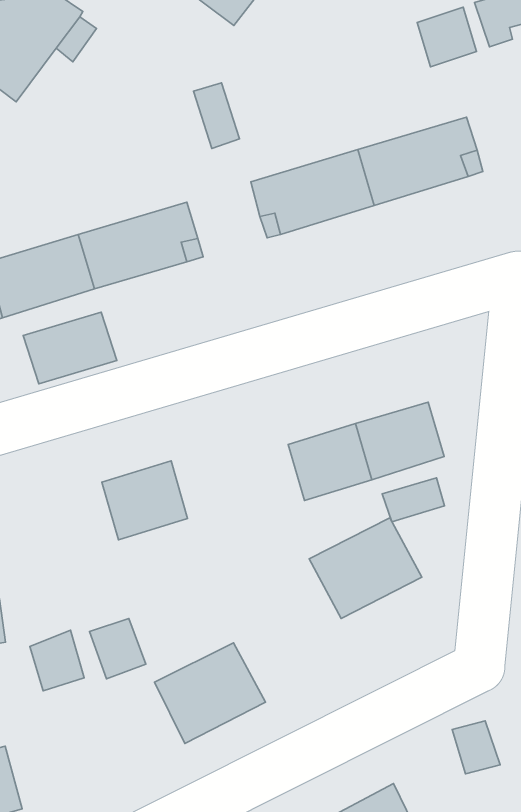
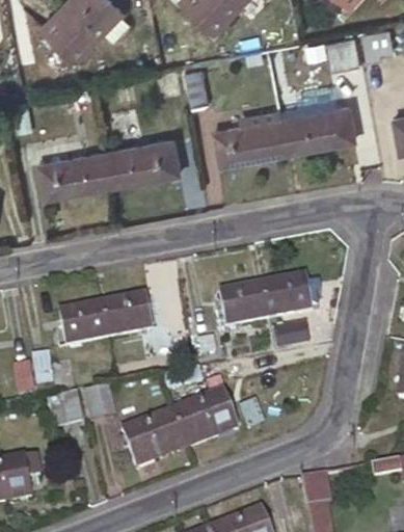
building: [23,312,117,384] -> none
building: none -> [59,301,108,345]
building: [309,518,422,618] -> [171,389,239,447]

